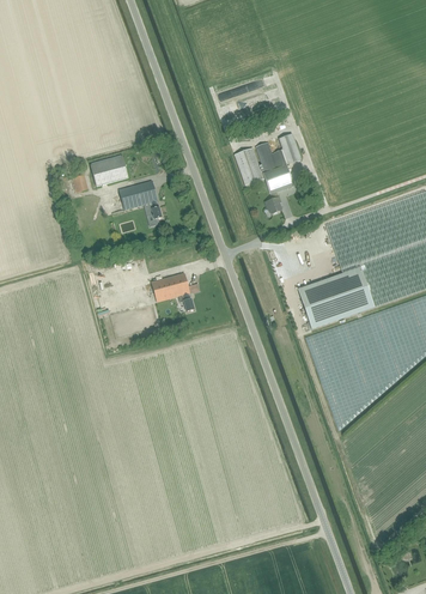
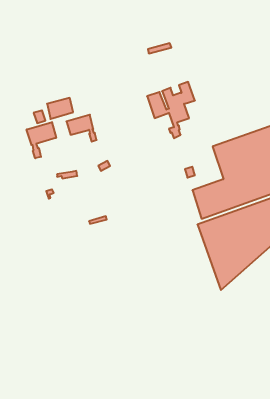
building: none -> [27,122,56,158]
building: [151,272,194,310] -> none

